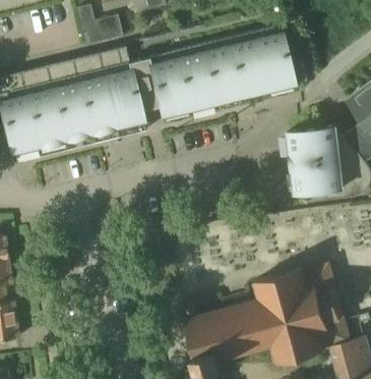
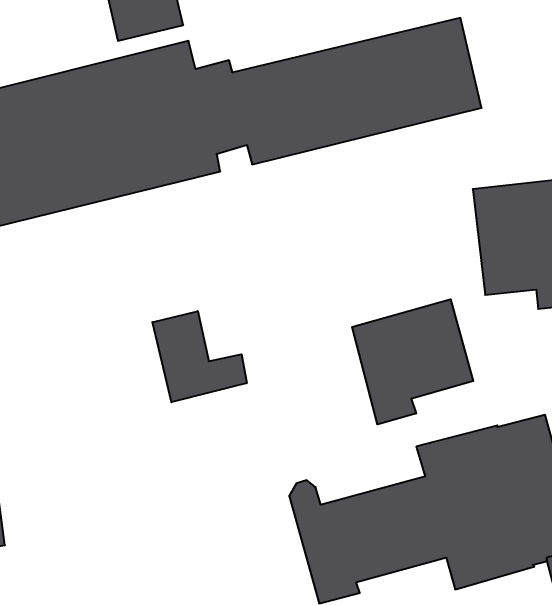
building: none -> [352,299,473,424]
building: none -> [152,311,247,402]

